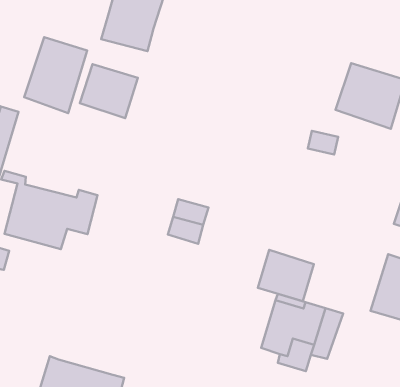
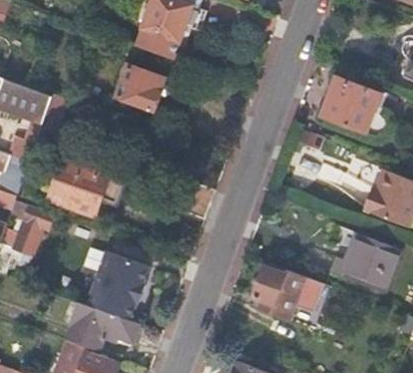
building: [24,37,87,113] -> none
building: [258,250,314,301] -> none
building: none -> [86,251,148,319]

